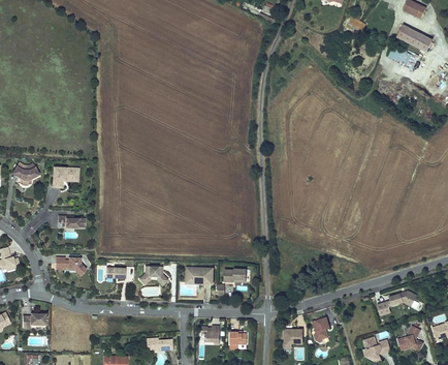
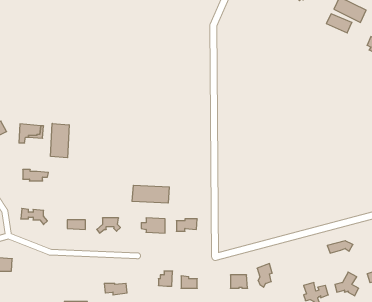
building: none -> [51,123,69,158]
building: none -> [132,185,169,203]

